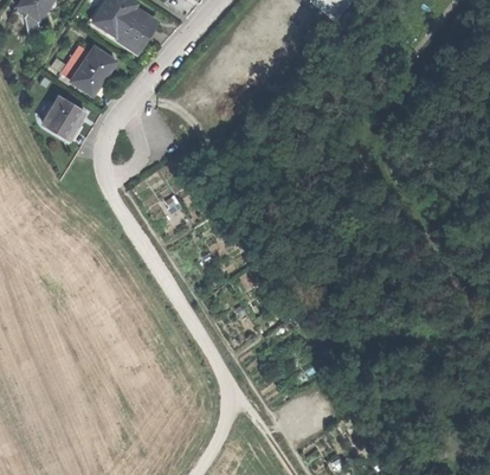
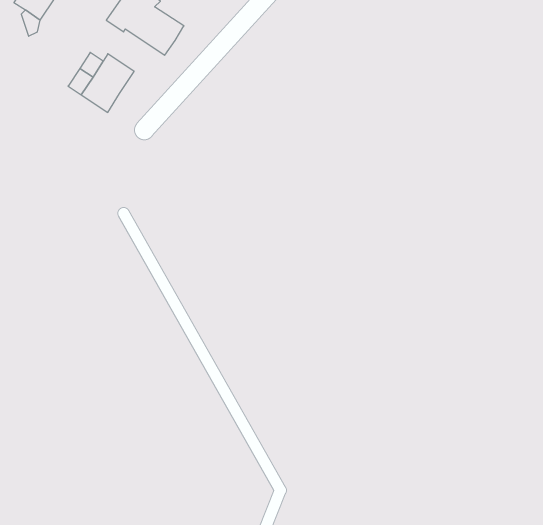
building: [45,97,85,141] -> none

